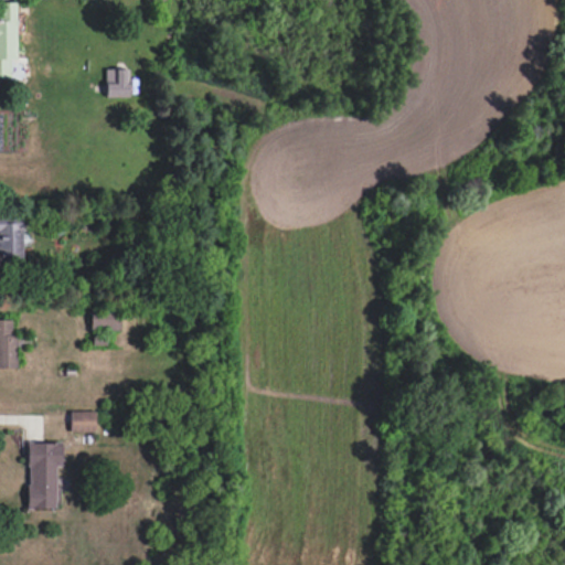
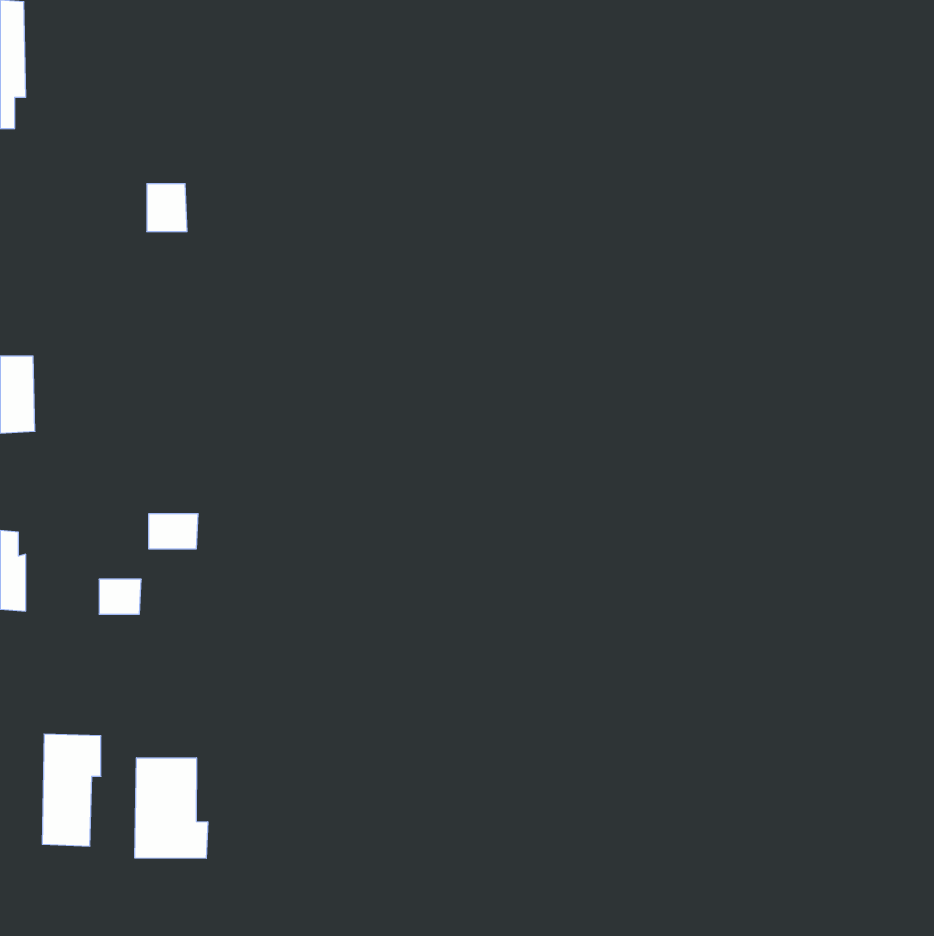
building: [107,70,131,98] -> [147,184,187,232]
building: [72,412,97,433] -> [99,579,141,614]
building: none -> [135,758,208,858]

